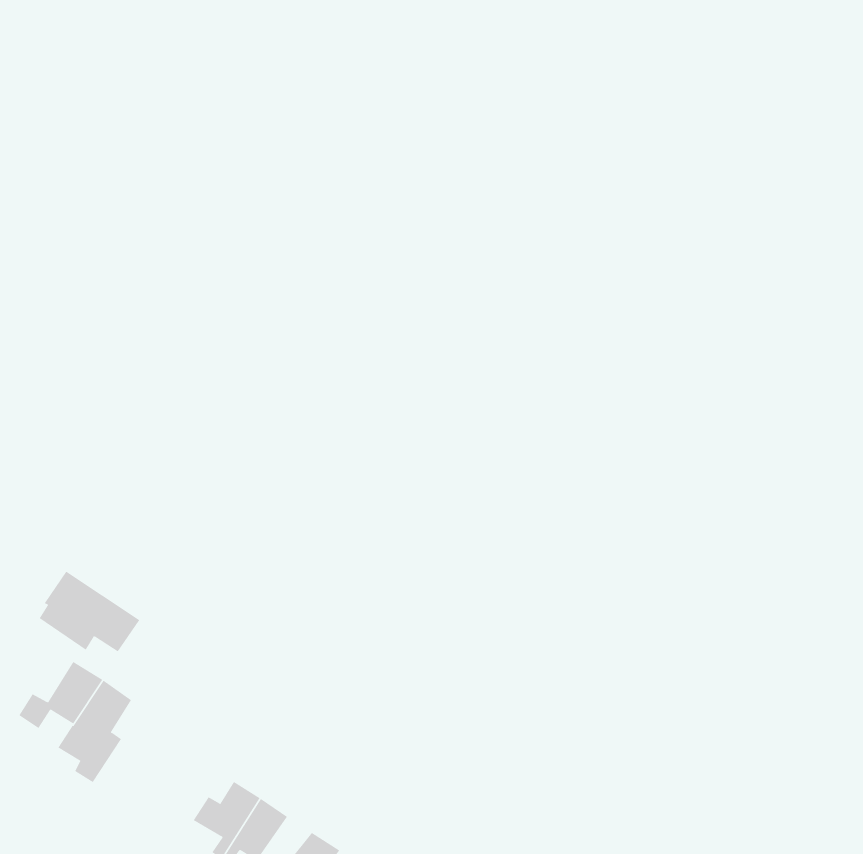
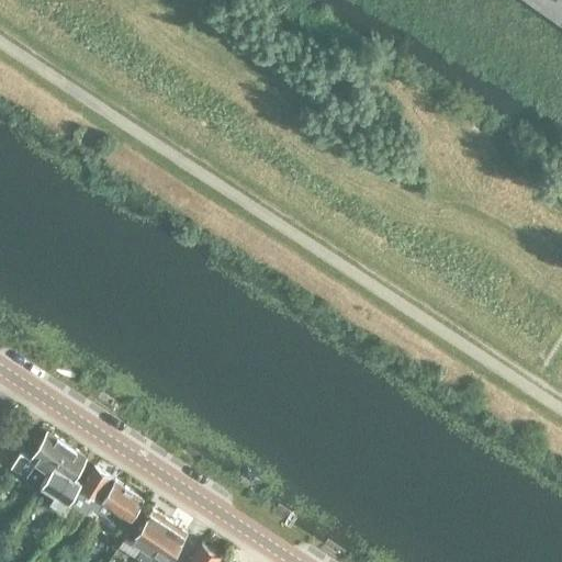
building: [39,571,140,652] -> [78,471,144,524]

